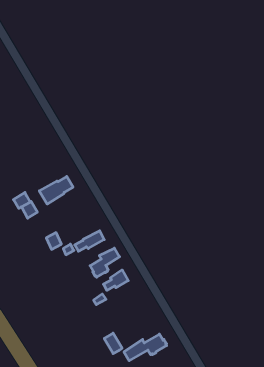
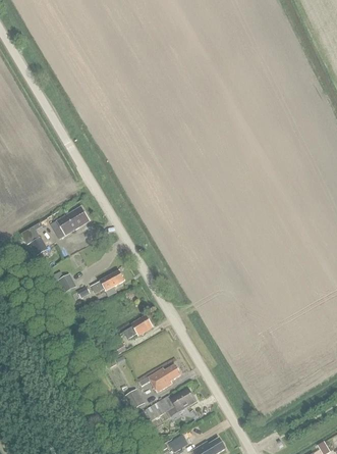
building: [90,248,120,277] -> none
building: none -> [138,364,180,392]

